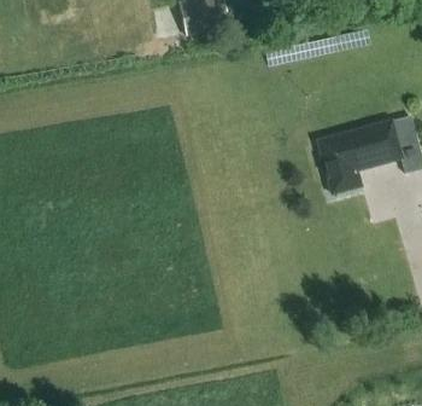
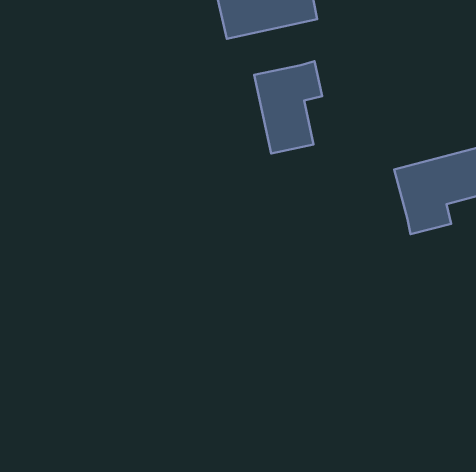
building: none -> [254,61,322,153]

